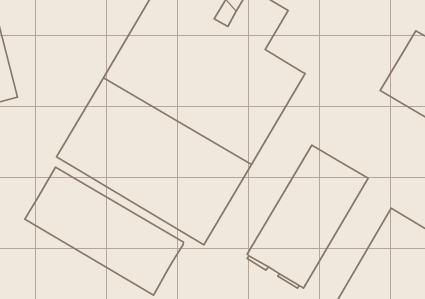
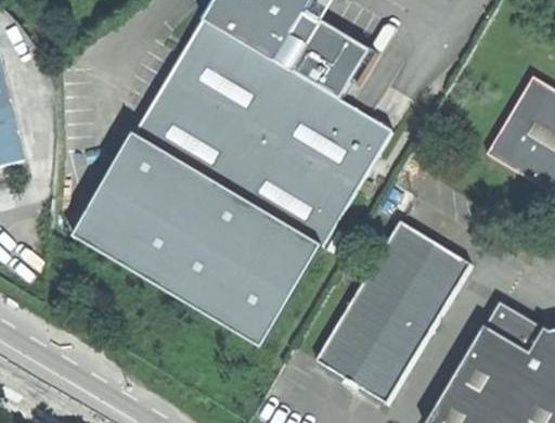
building: [25,167,184,295] -> none

